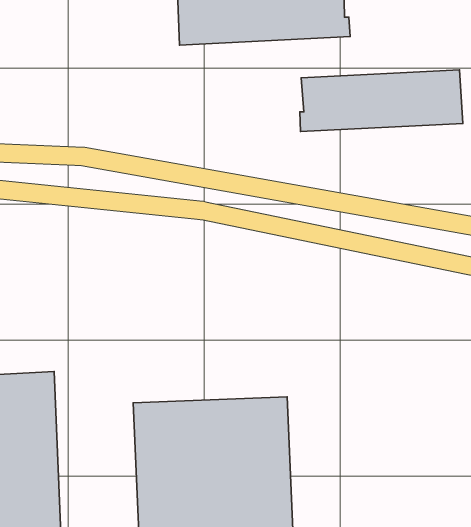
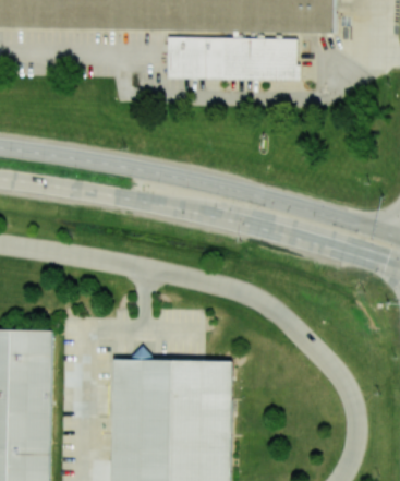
building: [300,70,463,132] -> none

